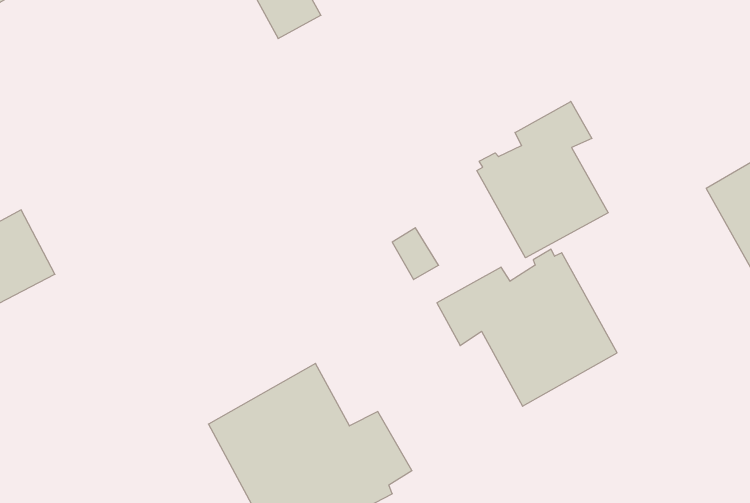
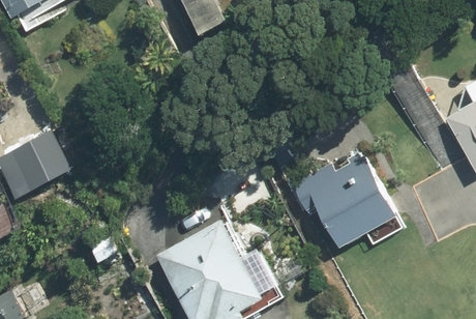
building: [477,101,608,258] -> none

